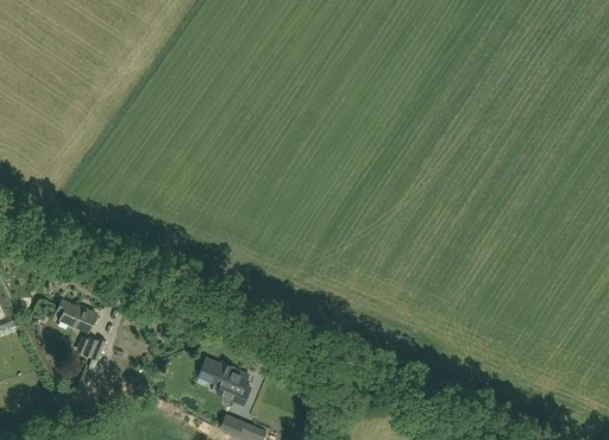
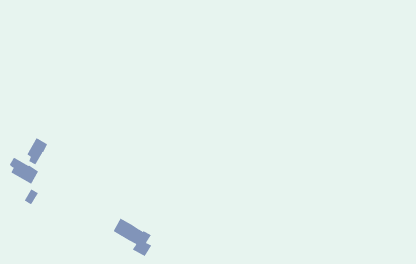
building: none -> [26,137,48,165]

